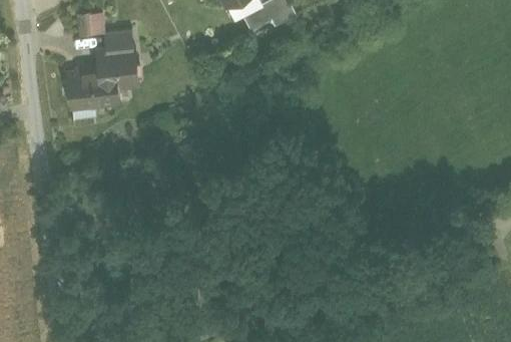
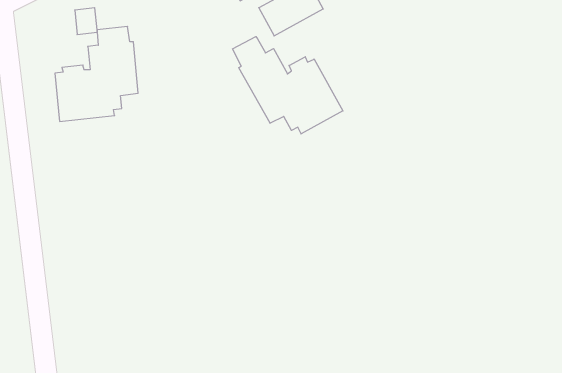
building: none -> [233,37,343,134]

